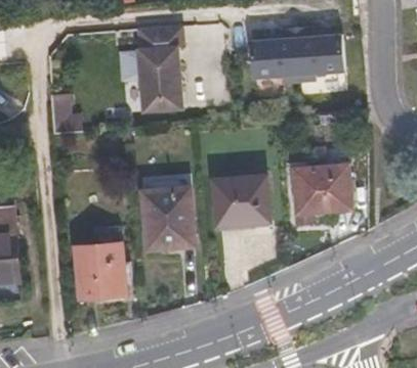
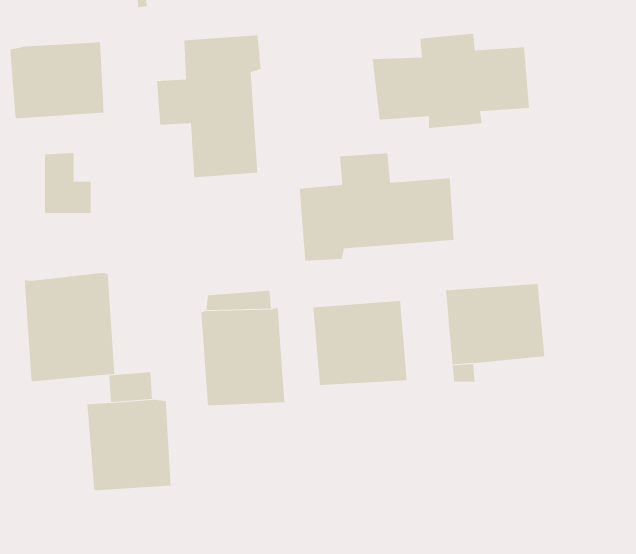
building: none -> [10,41,104,119]
building: none -> [299,152,454,261]
building: none -> [24,272,115,382]

